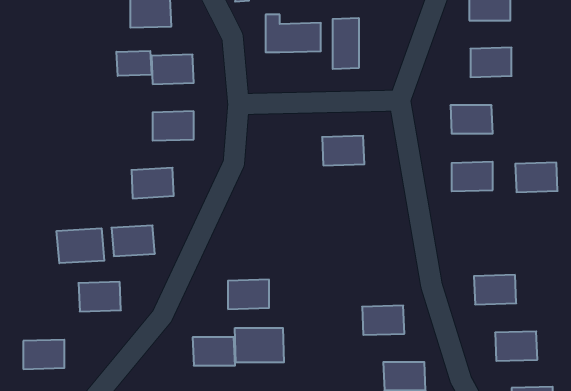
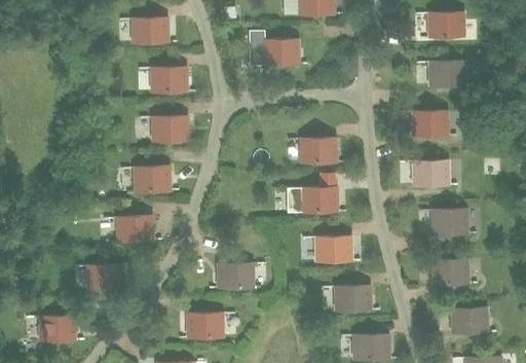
building: [333,18,359,69] -> none
building: [116,51,152,76] -> none
building: [515,163,558,192] -> [431,209,468,234]
building: none -> [287,187,338,213]
building: [57,228,104,263] -> none
building: none -> [315,237,352,262]
building: [235,328,284,362] -> none

